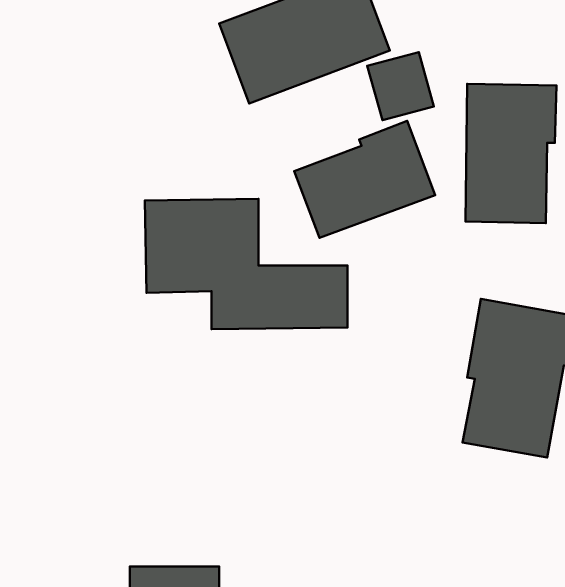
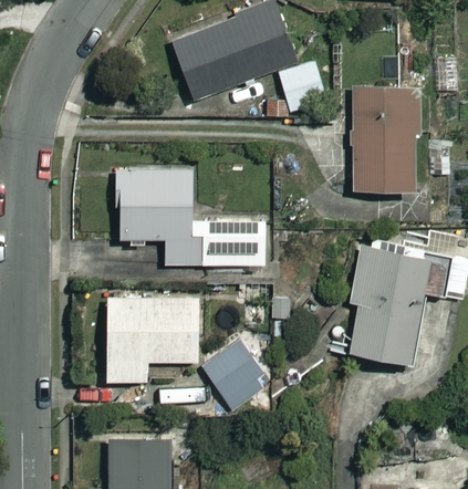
building: [294,121,435,238] -> none
building: none -> [106,298,201,381]
building: none -> [204,341,272,410]

